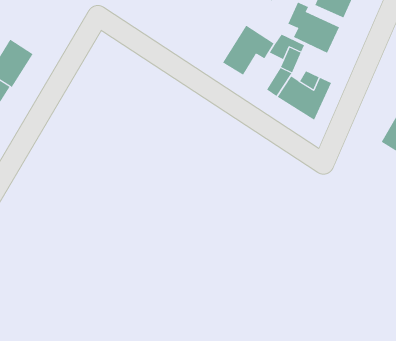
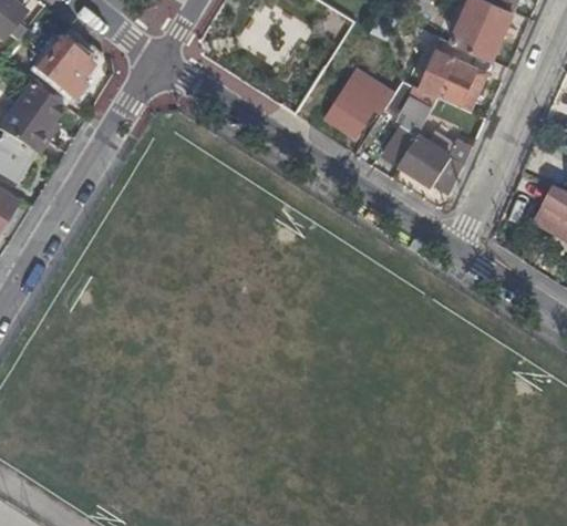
building: none -> [38,42,91,95]

